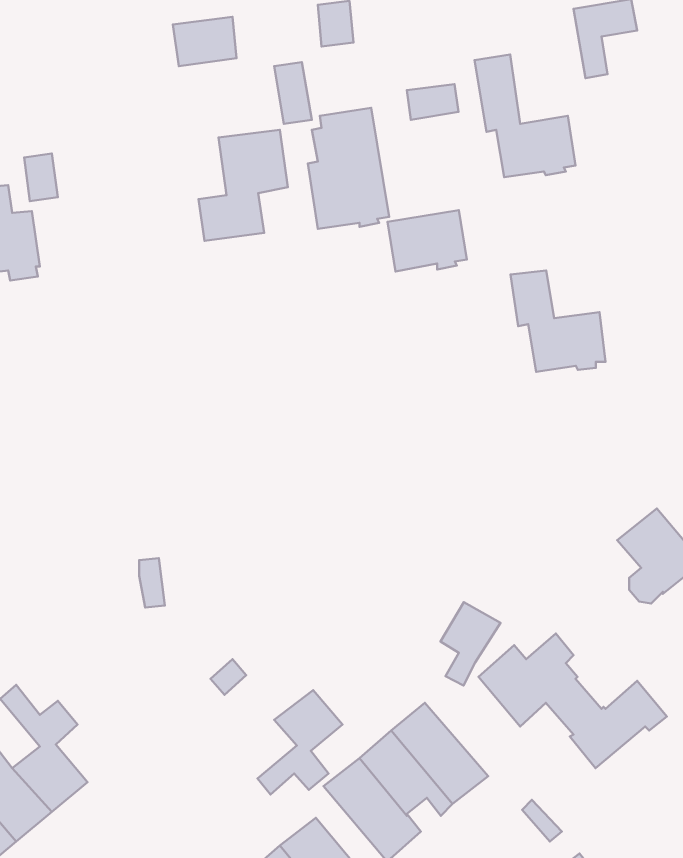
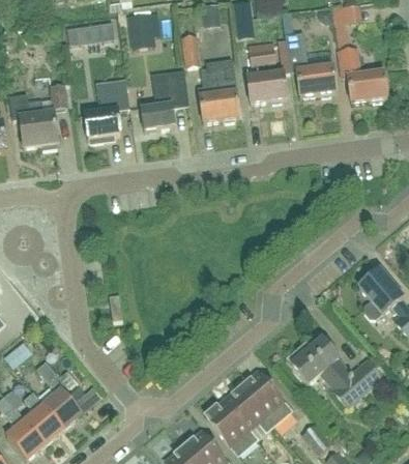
building: none -> [66,20,114,42]
building: none -> [84,77,129,142]
building: [387,210,467,271] -> [245,70,287,103]
building: [510,271,606,372] -> [337,49,386,102]
building: [441,602,500,686] -> none
building: [257,690,342,795] -> none

